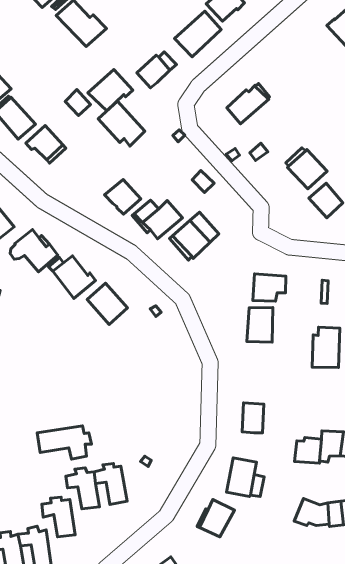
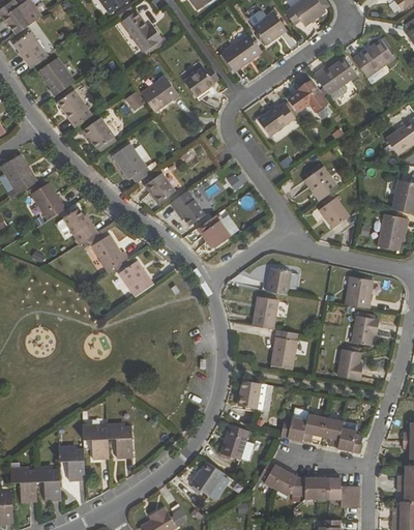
building: none -> [315,59,357,96]
building: none -> [290,83,327,112]
building: [98,101,145,146] -> [111,143,150,183]
building: [312,327,340,368] -> [272,330,300,367]
building: [37,426,91,459] -> none
building: none -> [260,459,286,487]

